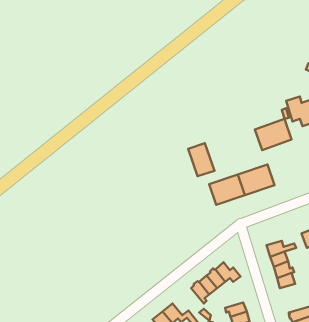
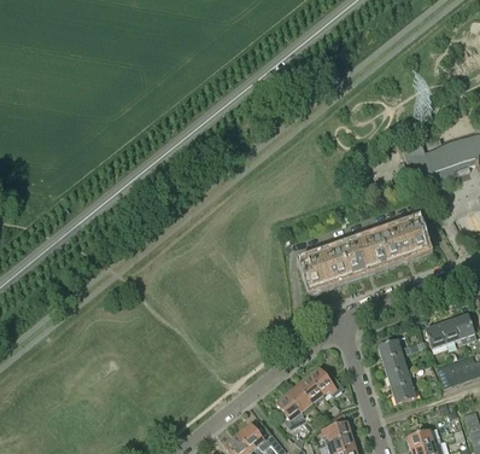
building: [255,119,292,150] -> [379,221,428,263]
building: [188,143,214,176] -> none

